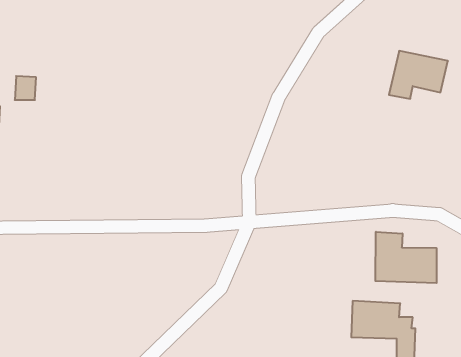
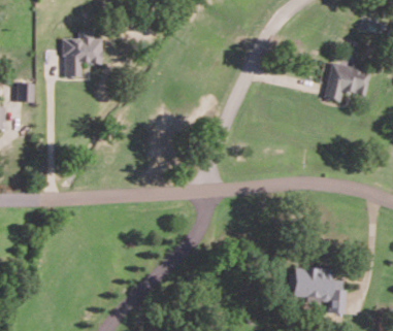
building: none -> [63,30,101,76]
building: [375,232,437,283] -> none

